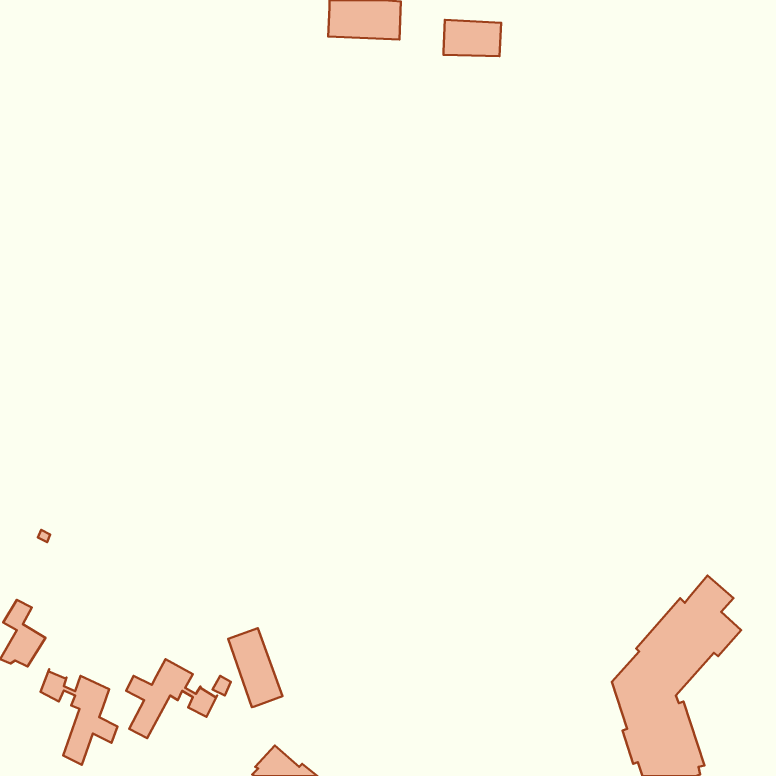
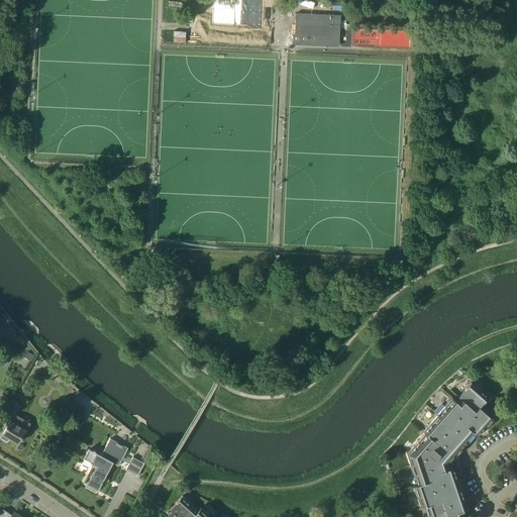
building: [228,628,283,707] -> none
building: [40,669,118,765] -> none

